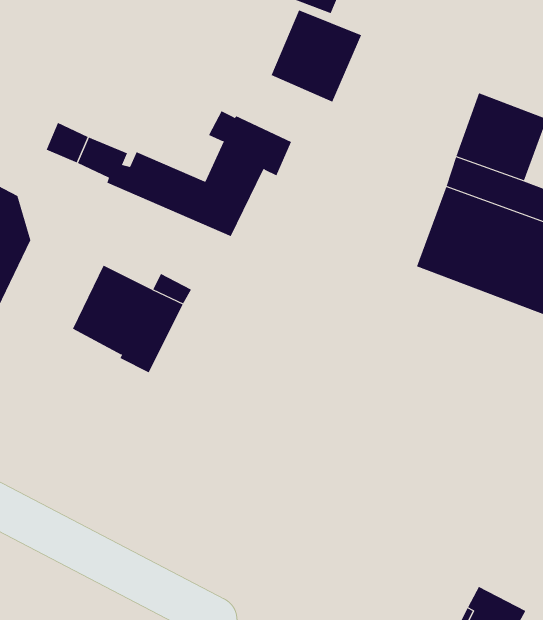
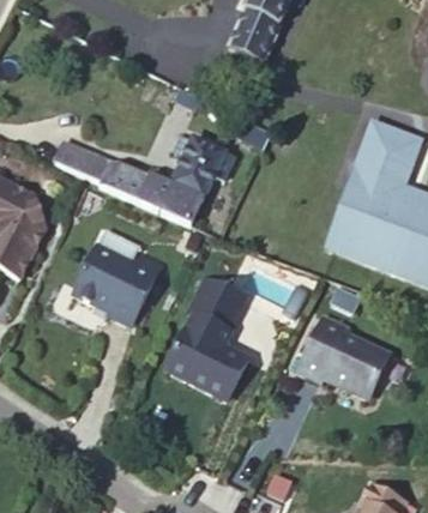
building: [271,9,362,103] -> none
building: none -> [165,277,248,396]
building: none -> [297,315,388,398]

